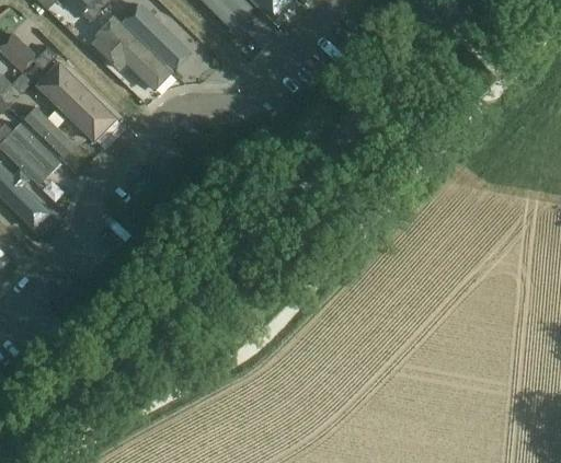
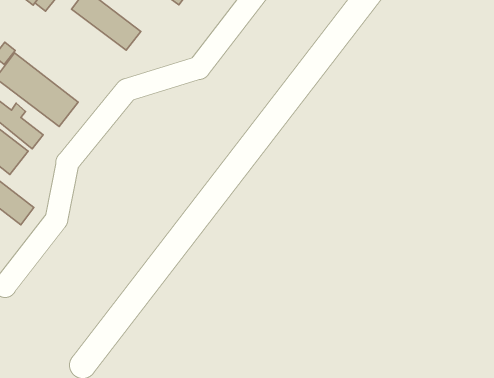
building: [93,14,168,89] -> none

